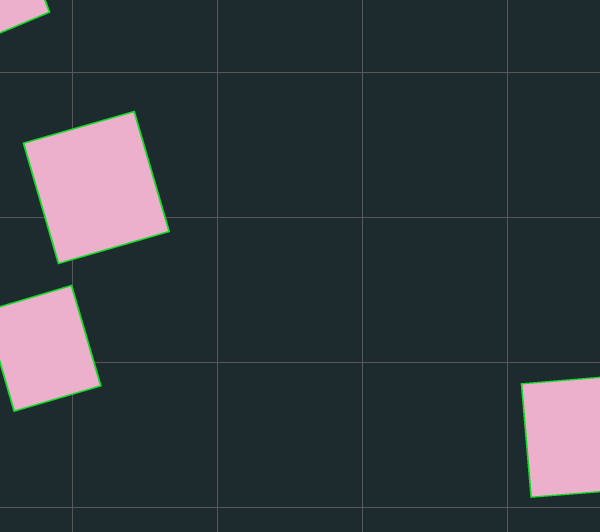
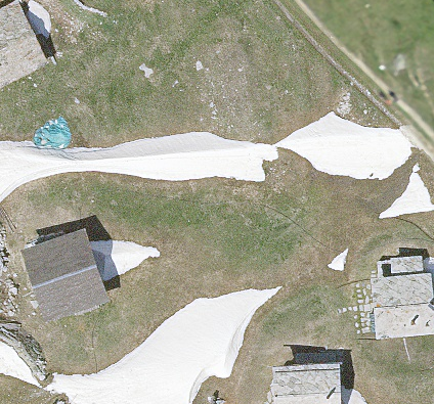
building: [24,111,169,263] -> none

